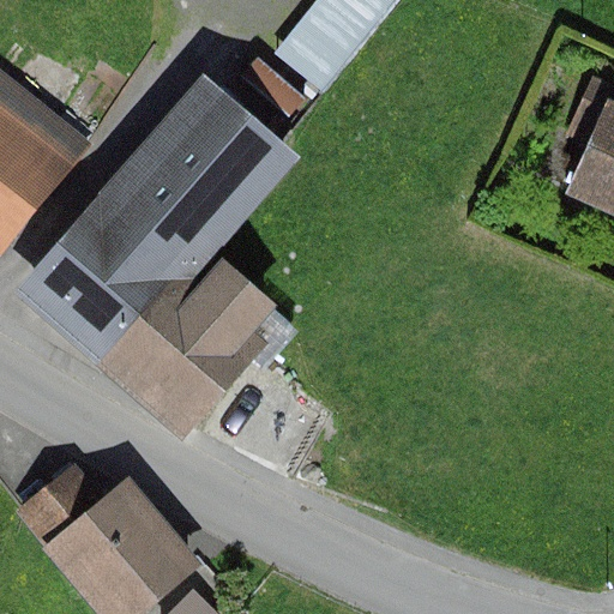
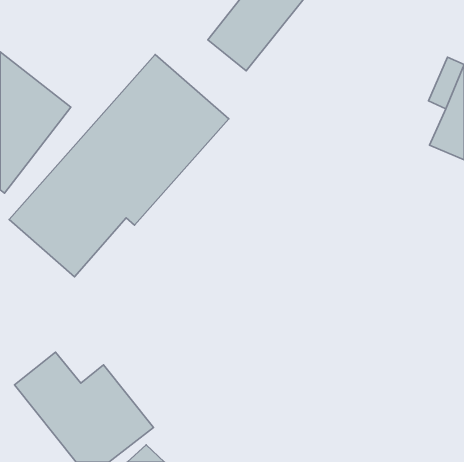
building: [98,255,278,440] -> none

